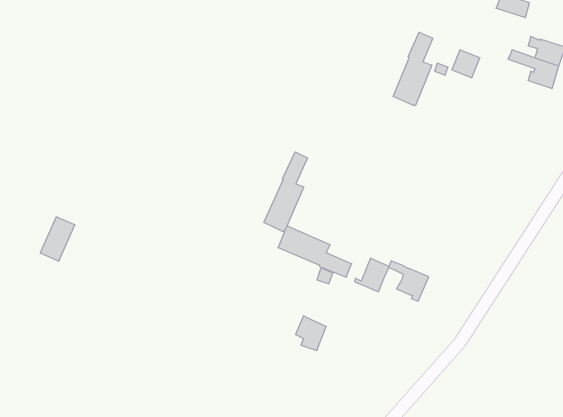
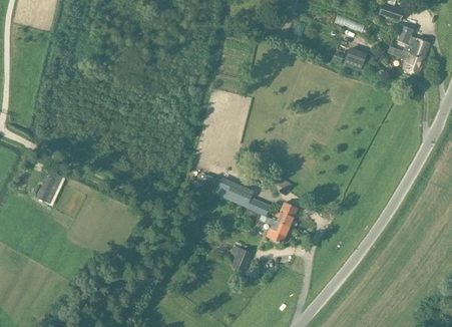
building: [393,32,433,105] -> none
building: [264,152,308,231] -> none
building: [389,261,429,301] -> [260,214,290,244]

